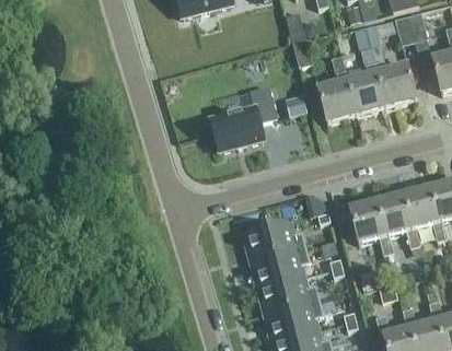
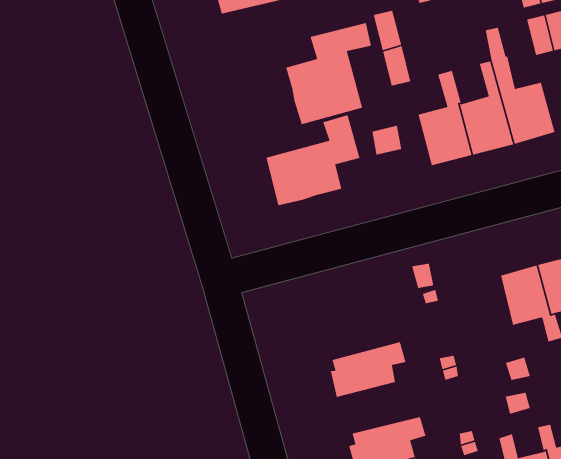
building: none -> [285,22,372,125]
building: [349,200,394,255] -> none
building: [245,222,305,260] -> none
building: [259,277,320,313] -> none

